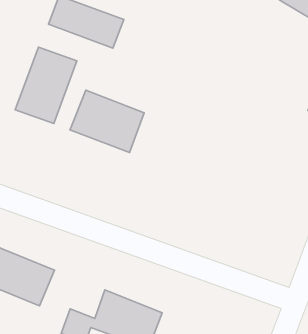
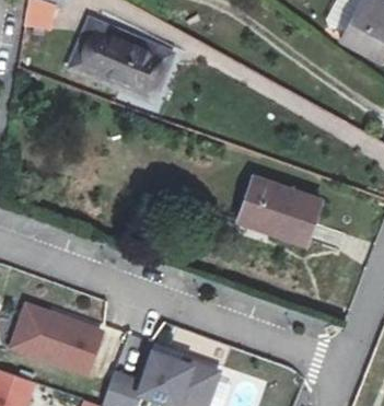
building: [15,47,77,123] -> none
building: [70,90,144,152] -> [232,175,314,244]

